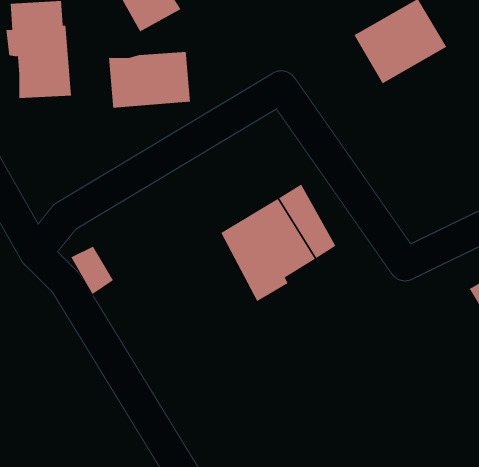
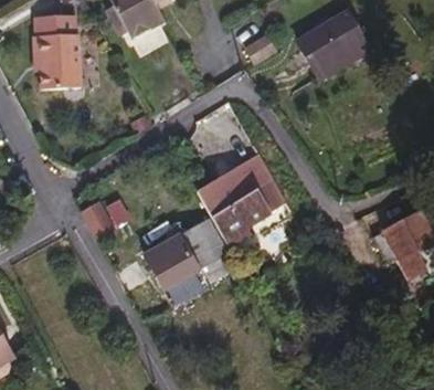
building: [108,51,191,108] -> none
building: none -> [145,222,225,288]

